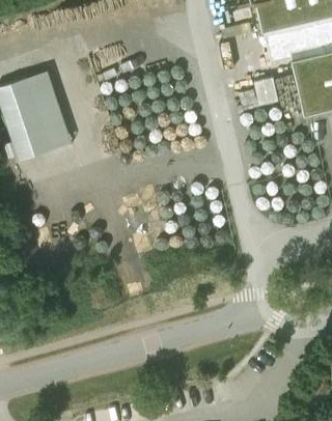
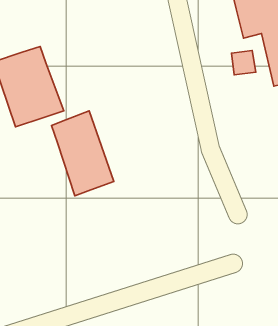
building: none -> [51,111,114,196]

